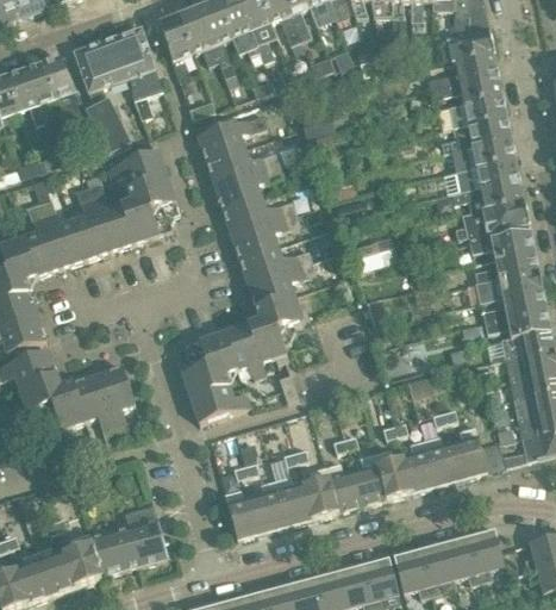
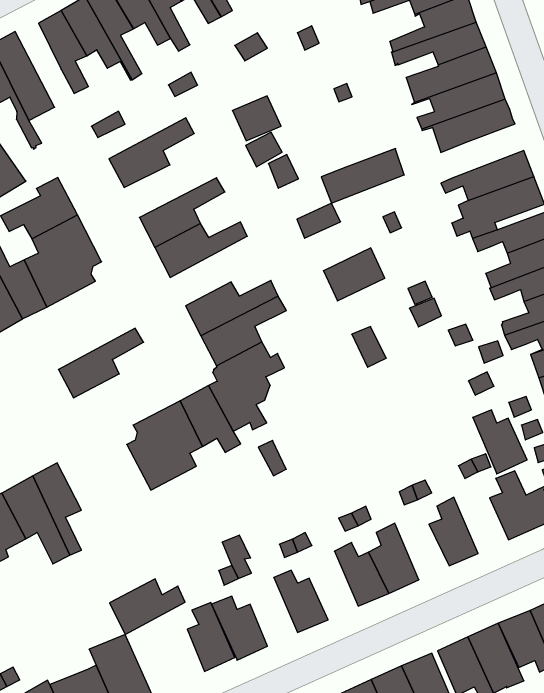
building: [206,148,279,185] -> none
building: [455,157,519,192] -> [321,149,404,203]
building: [231,212,300,259] -> [58,328,144,398]
building: [190,384,249,423] -> [110,579,185,634]
building: [424,435,461,485] -> [473,410,527,474]
building: [375,448,412,498] -> none
building: [302,466,337,518] -> none
building: [254,479,287,531] -> [187,603,235,671]

